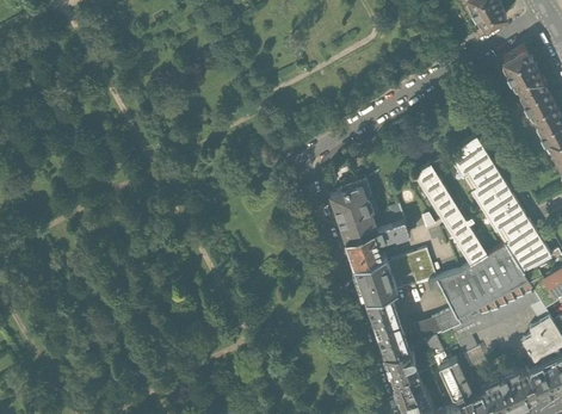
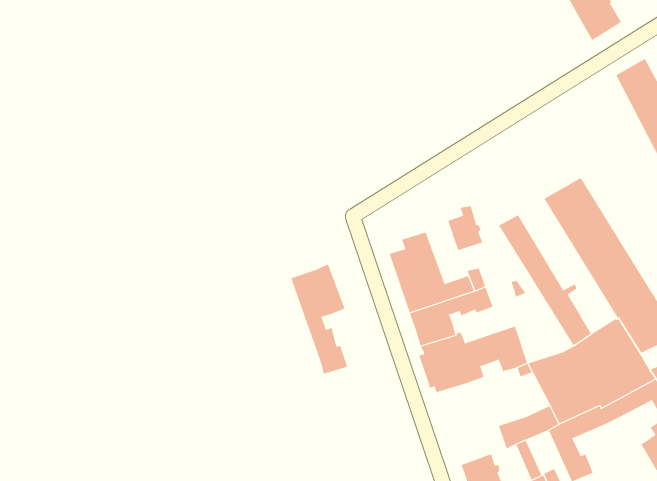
building: none -> [447,205,483,251]
building: none -> [290,263,348,374]
building: [365,296,407,358] -> none

